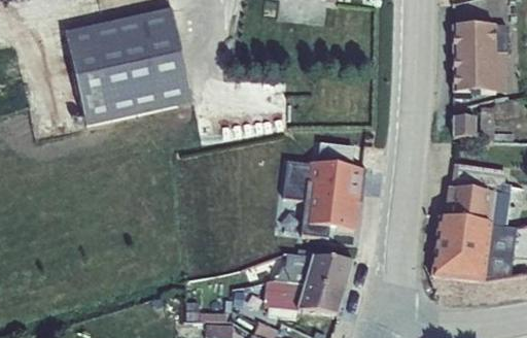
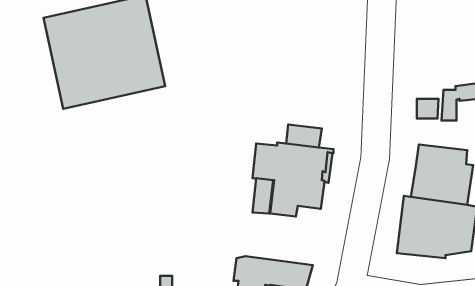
building: [453,24,506,91] -> none
building: [275,252,353,288] -> none

